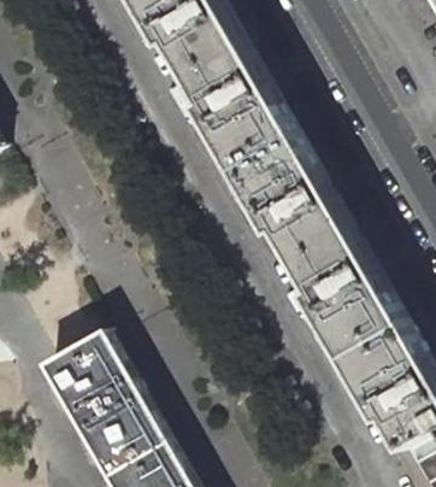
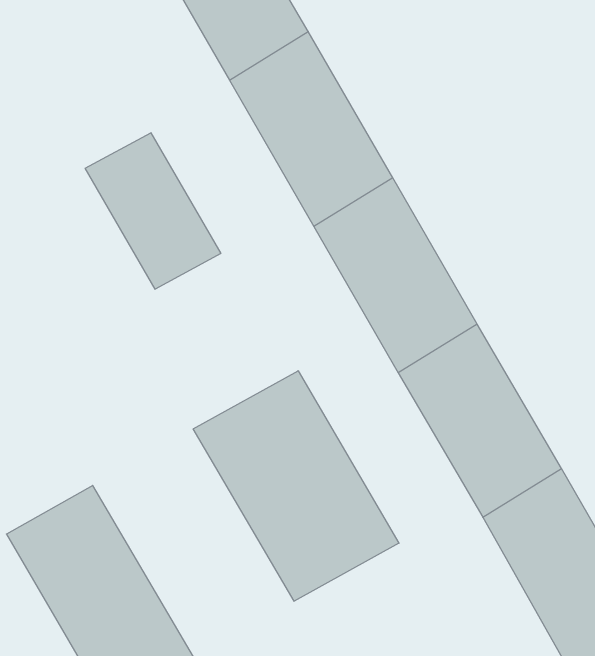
building: none -> [85,133,221,289]
building: none -> [193,371,399,601]

